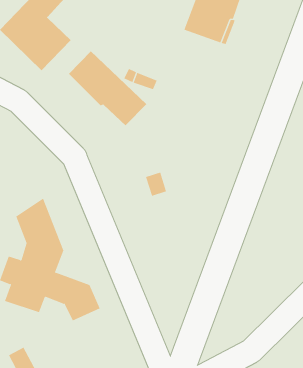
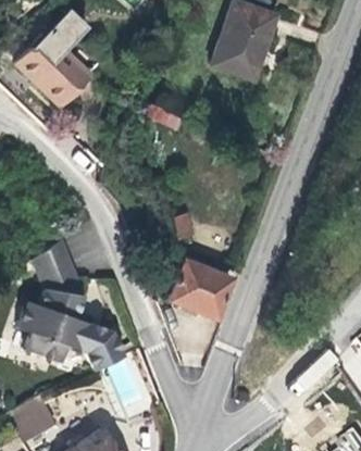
building: [68,50,147,126] -> none
building: none -> [166,245,229,318]

